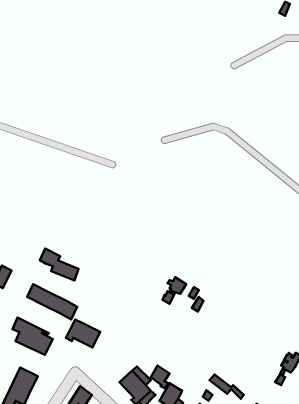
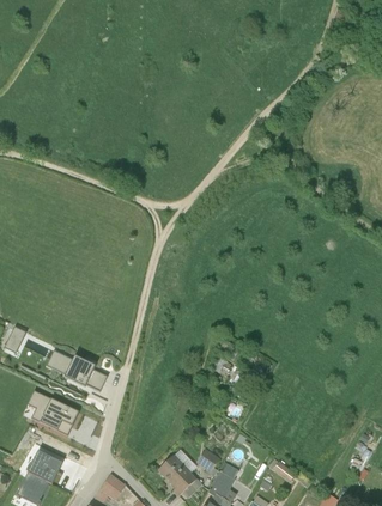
building: [40,248,79,281] -> none
building: [66,320,100,348] -> none

